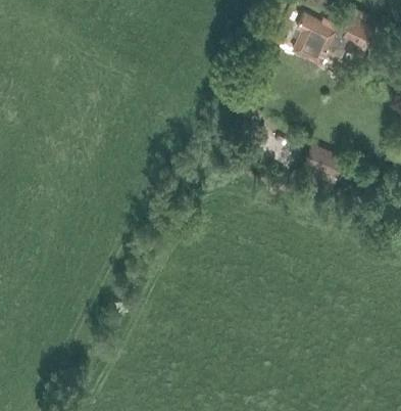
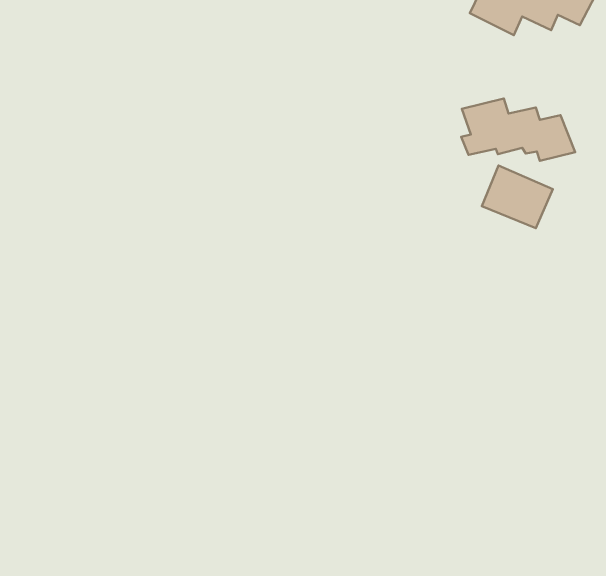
building: none -> [461,99,575,161]

